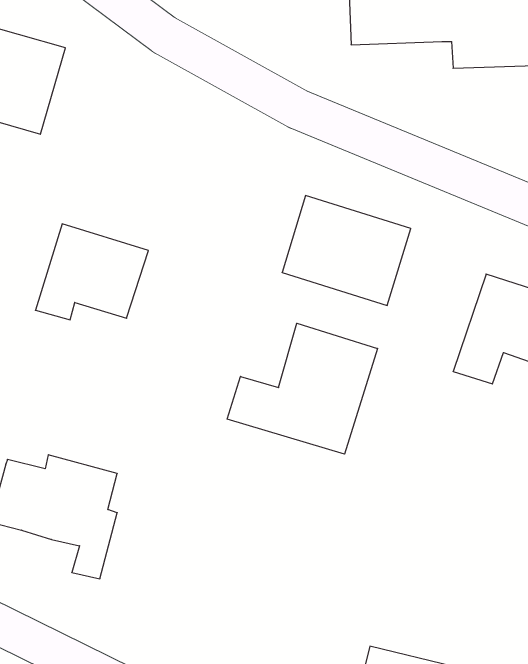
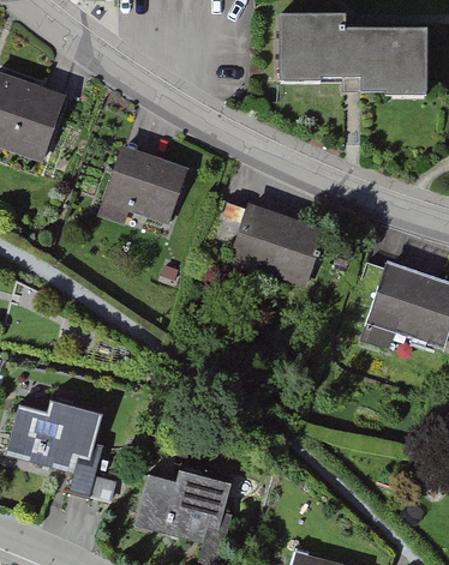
building: [35,224,148,320] -> [100,146,186,220]
building: [227,323,378,454] -> none
building: none -> [134,471,231,541]

